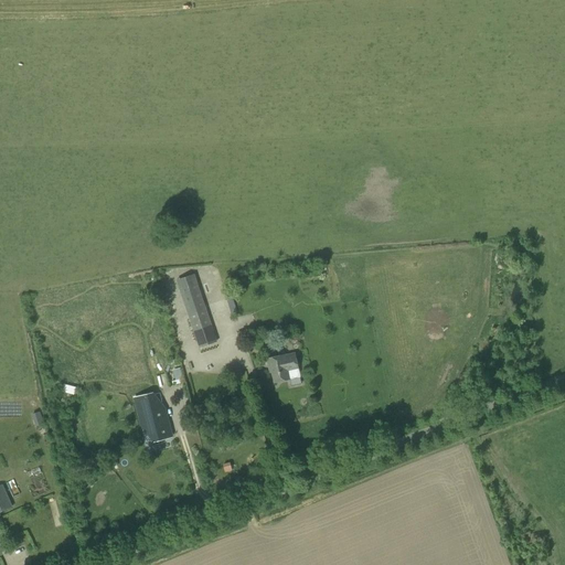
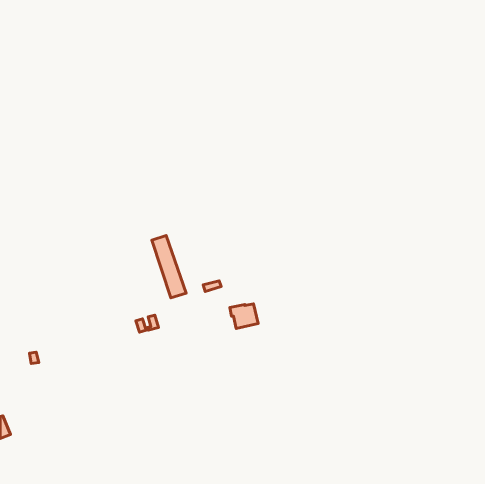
building: [132,391,172,440] -> none

